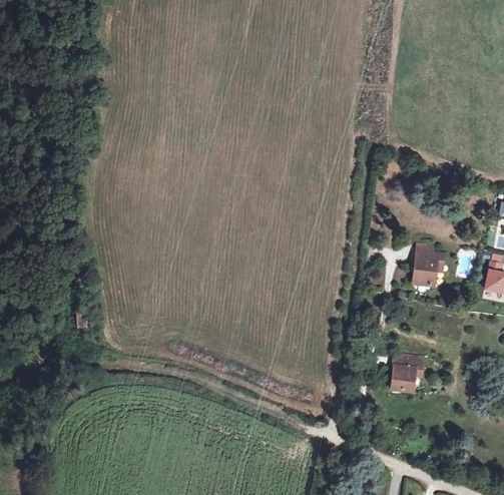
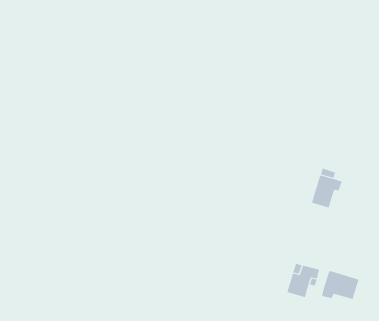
building: none -> [322,271,359,300]

